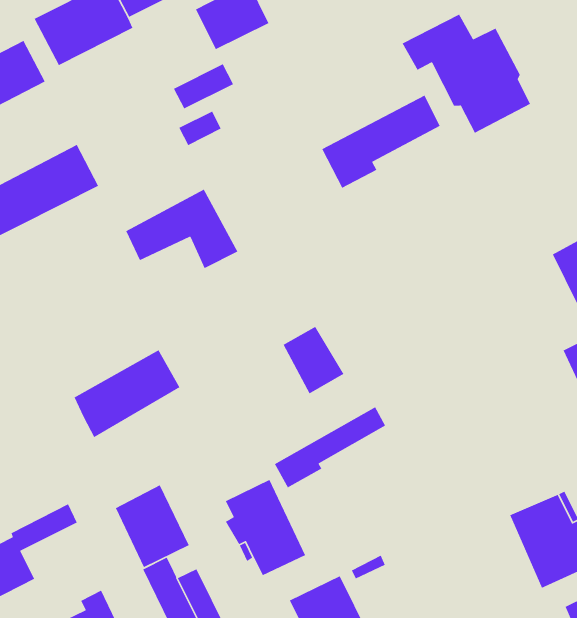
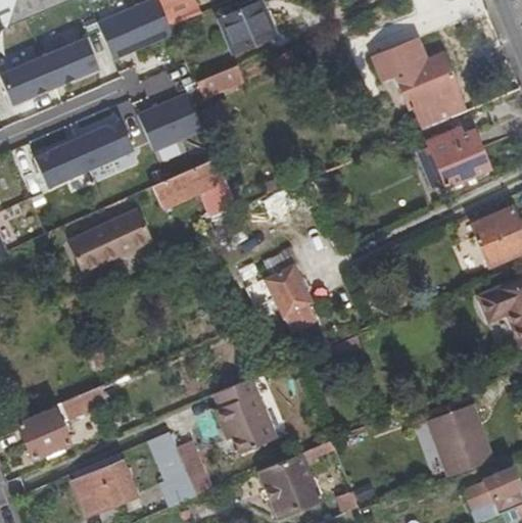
building: [321,94,441,189] -> none
building: none -> [137,90,203,150]
building: none -> [428,127,488,184]
building: [73,349,180,438] -> [72,209,152,273]
building: [274,406,386,489] -> none
building: [115,484,190,568] -> none

